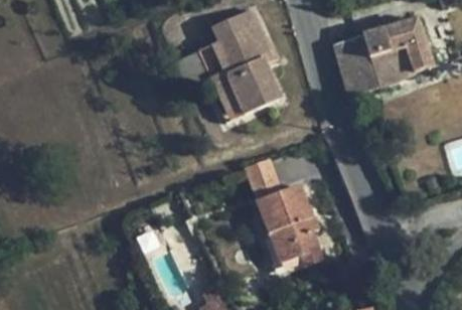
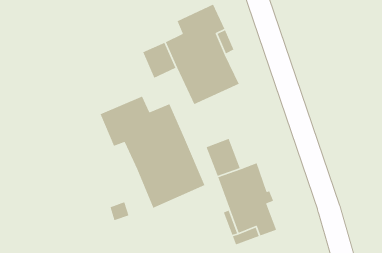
building: [332,17,432,96] -> none
building: none -> [99,95,206,209]

